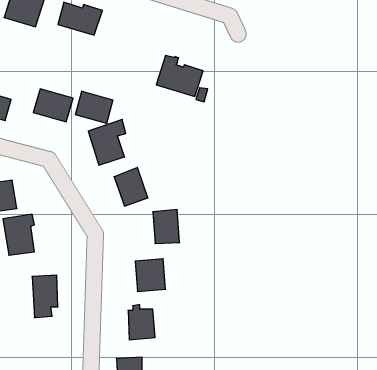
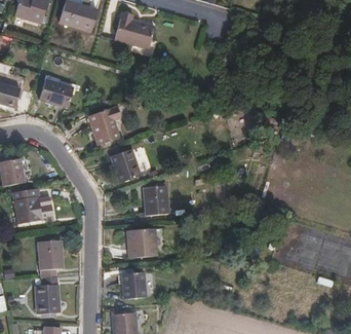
building: [156,55,203,96] -> [114,14,155,50]
building: [76,91,113,124] -> none
building: none -> [35,279,58,316]

